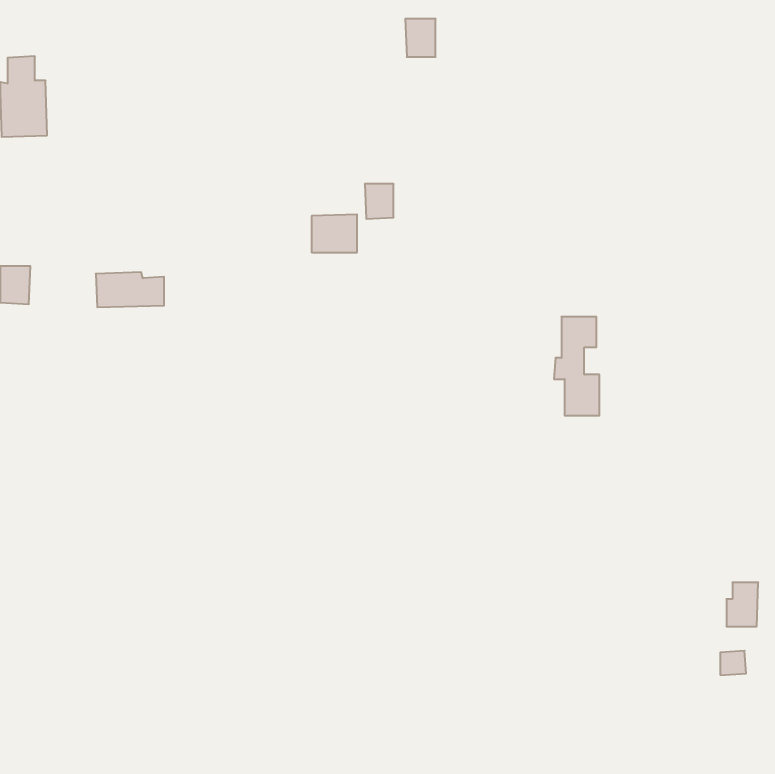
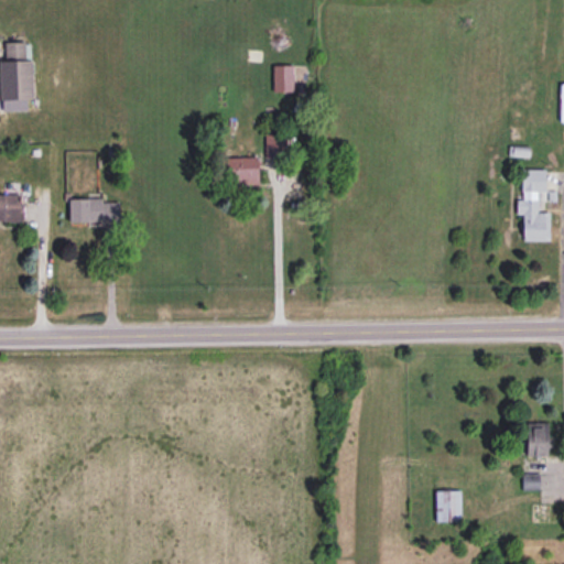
building: [405,19,436,57] -> [273,66,295,94]
building: [554,317,599,416] -> [517,171,550,242]
building: none -> [436,489,463,523]

